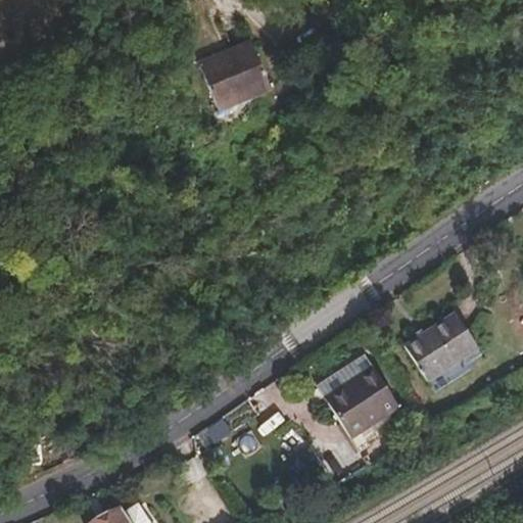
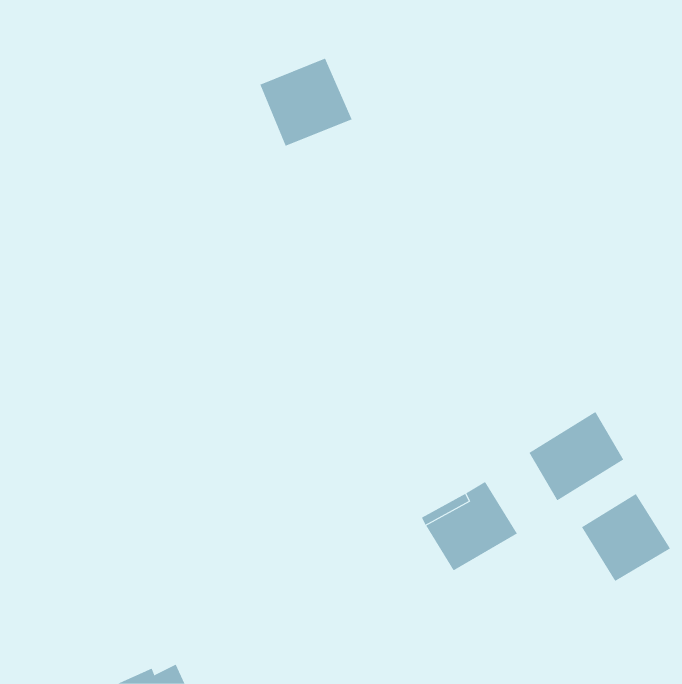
building: none -> [581,493,671,582]

